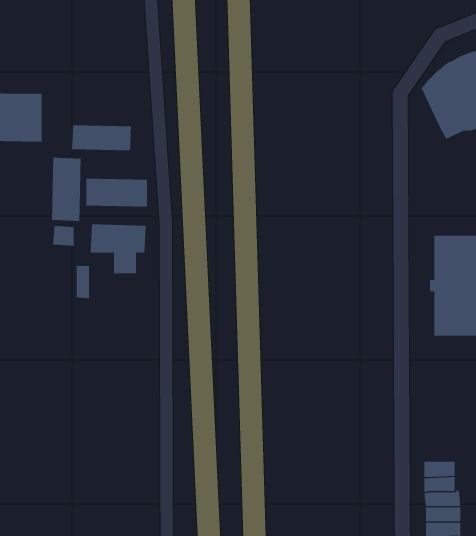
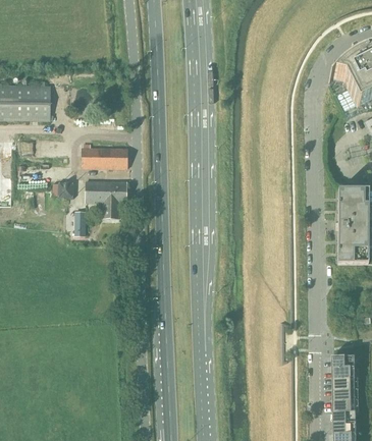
building: [72,125,132,151] -> none
building: [52,157,81,222] -> none

